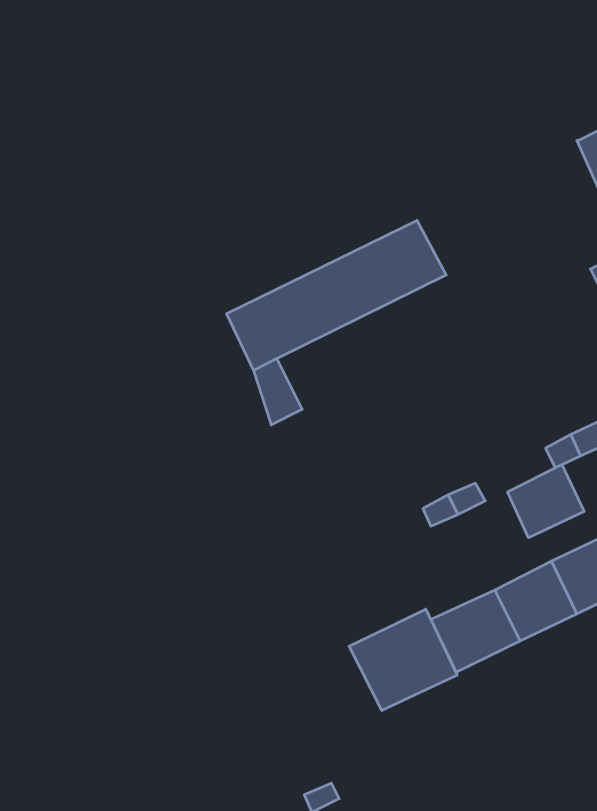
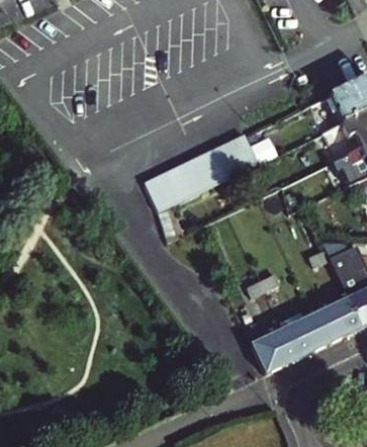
building: [508,465,584,538] -> none
building: [349,609,457,711] -> none

